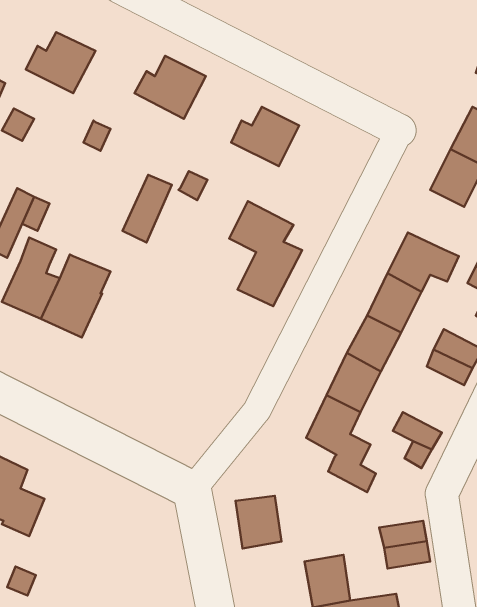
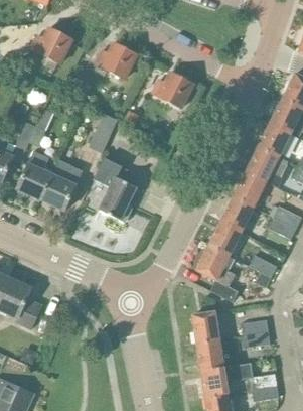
building: none -> [258,123,291,158]
building: [229,201,302,306] -> [94,158,137,221]
building: [236,496,282,548] -> [192,312,219,344]

